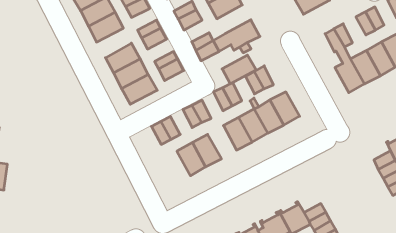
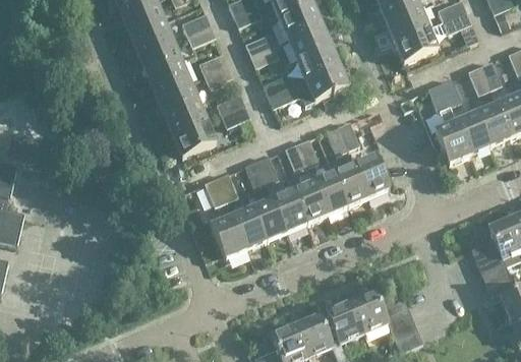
building: none -> [146,58,188,93]
building: [222,55,256,84] -> [296,43,338,76]
building: none -> [272,189,305,230]
building: none -> [212,216,246,256]

